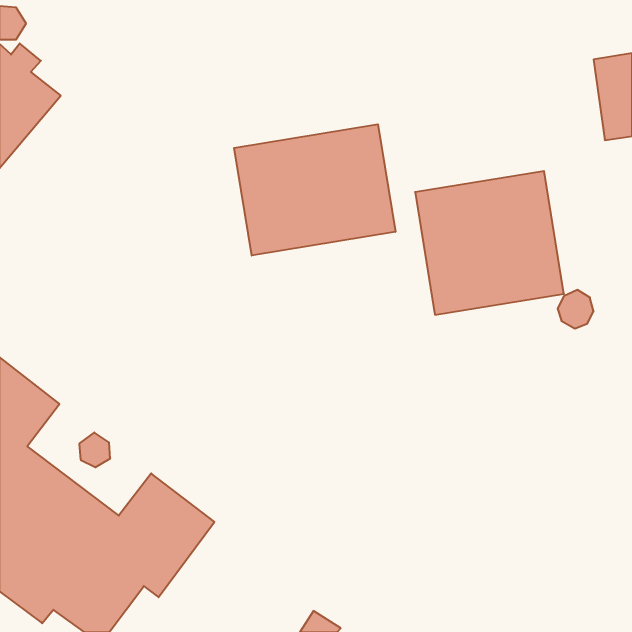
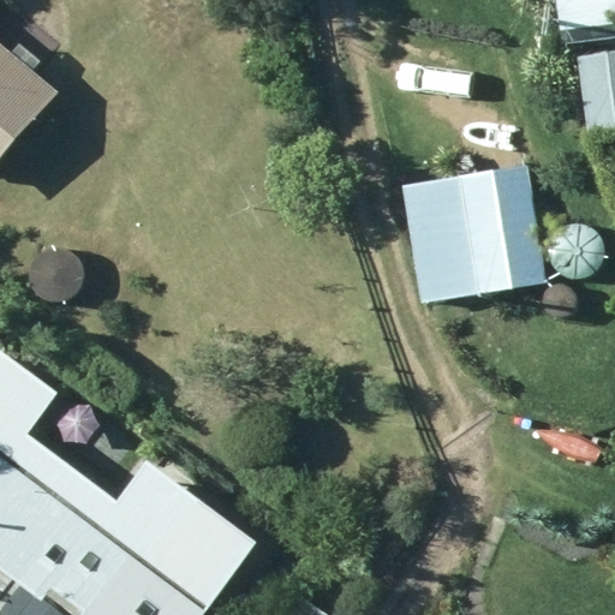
building: [234,124,395,256] -> none

